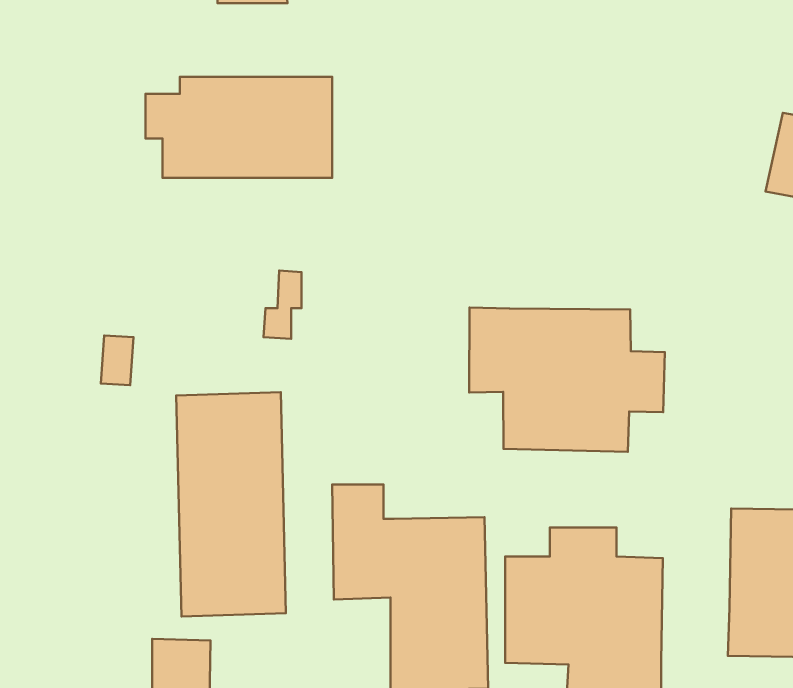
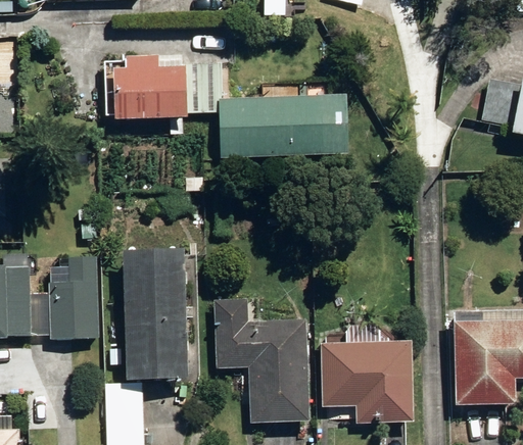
building: none -> [220,96,342,161]
building: [469,308,665,452] -> none
building: none -> [27,256,97,340]

